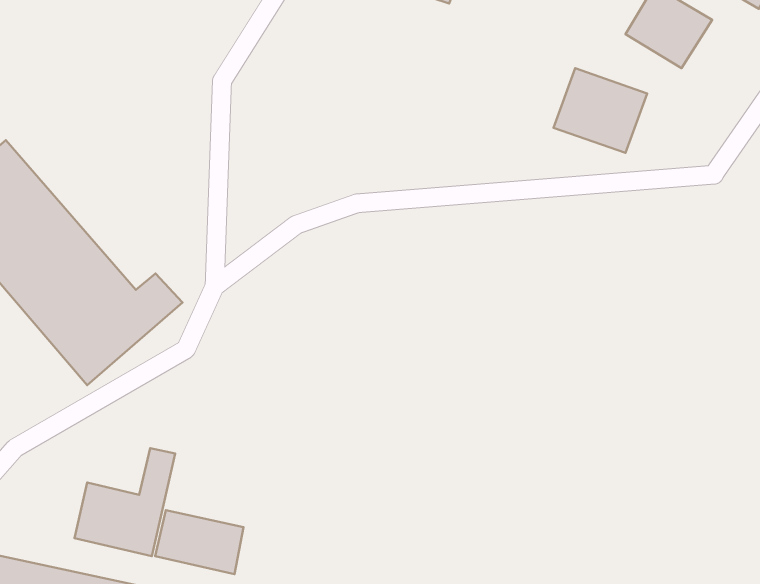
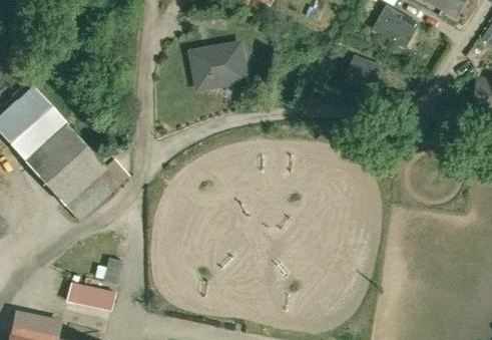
building: none -> [194,42,249,89]
building: [155,510,243,574] -> none

